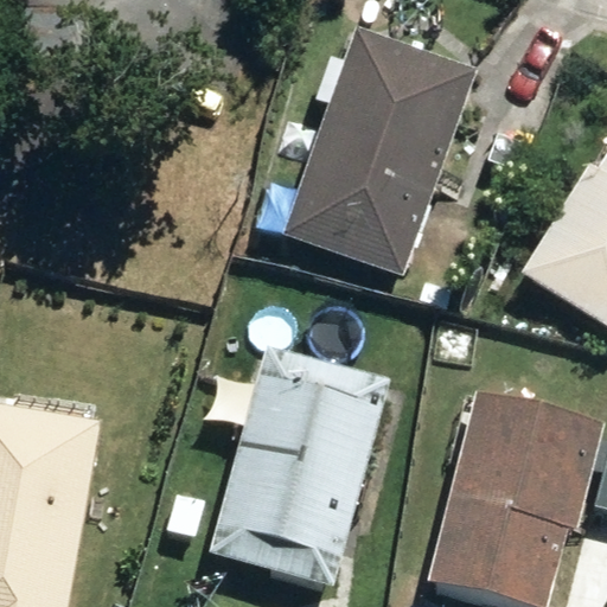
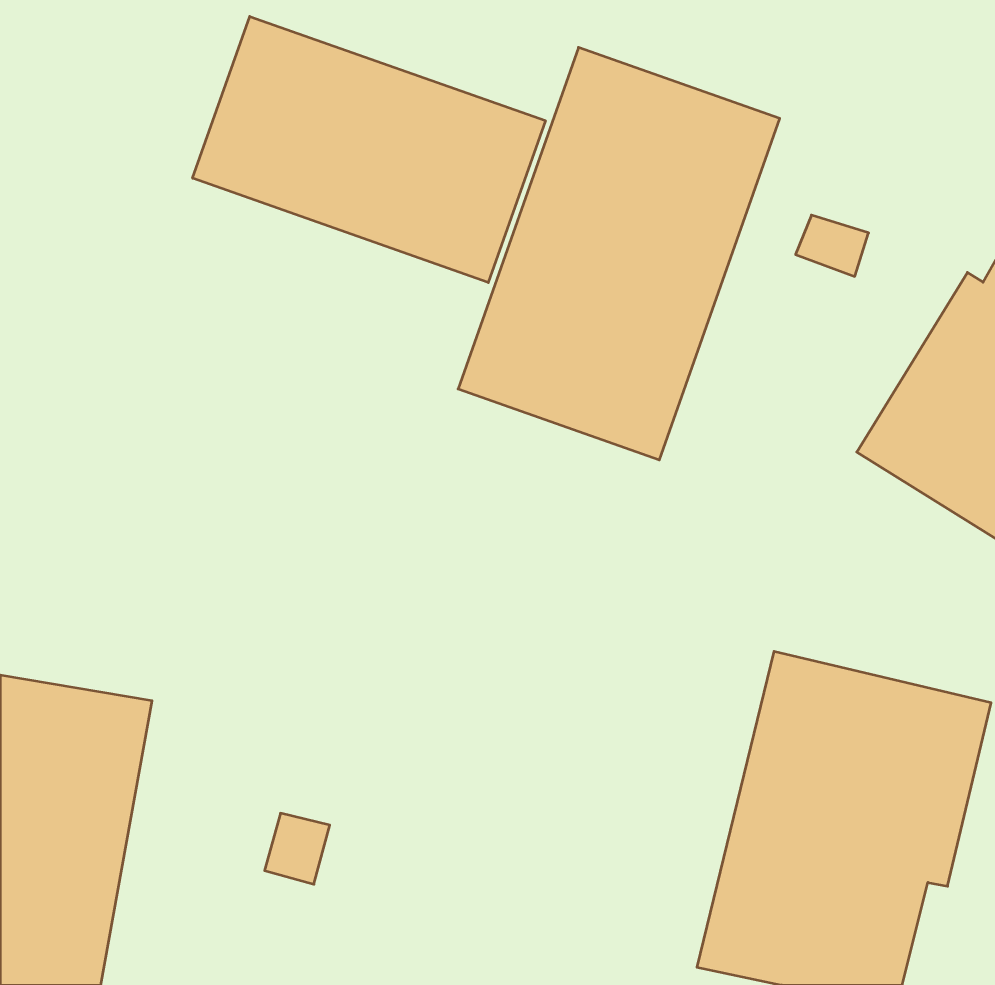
building: none -> [193,16,545,283]
building: [209,346,390,586] -> none

